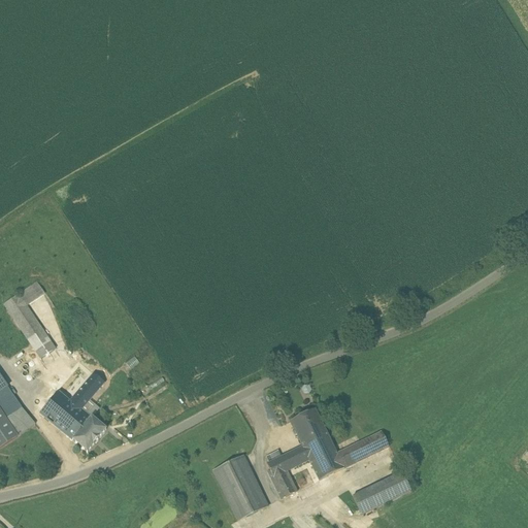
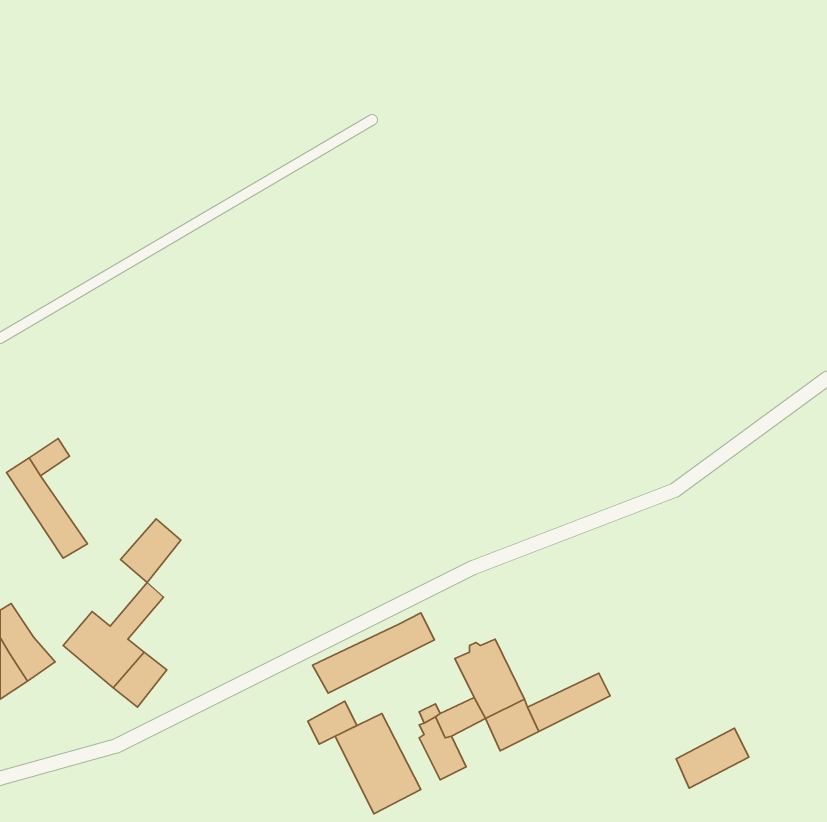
building: none -> [120,519,181,583]
building: none -> [313,613,435,693]
building: none -> [308,701,357,744]
building: [364,469,410,507] -> [676,728,749,788]

